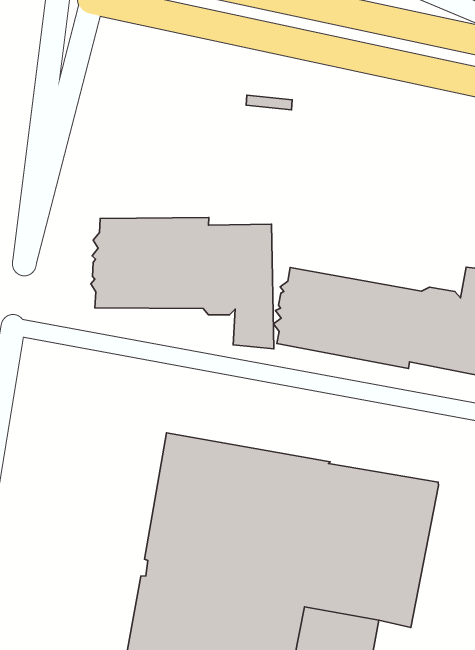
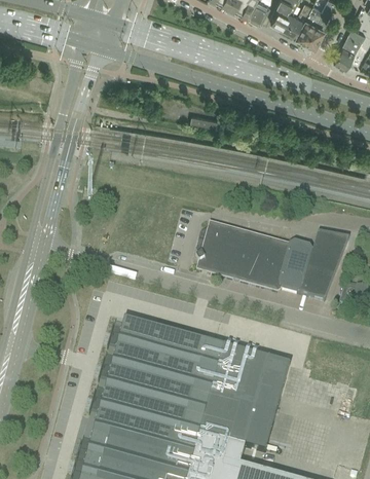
building: [91,217,274,349] -> none

